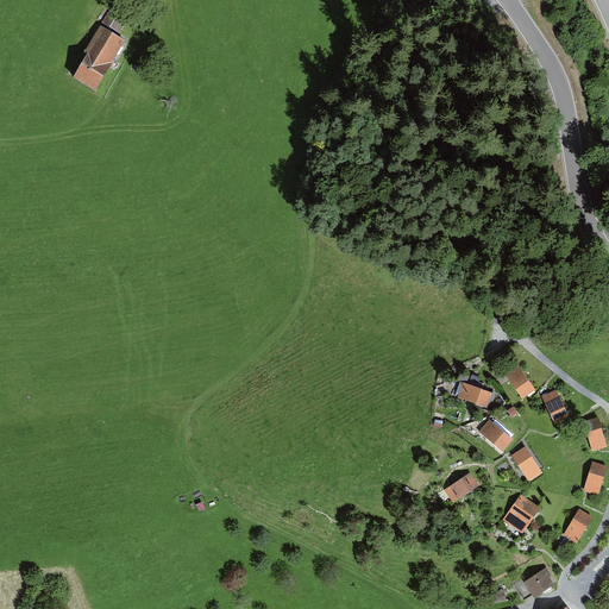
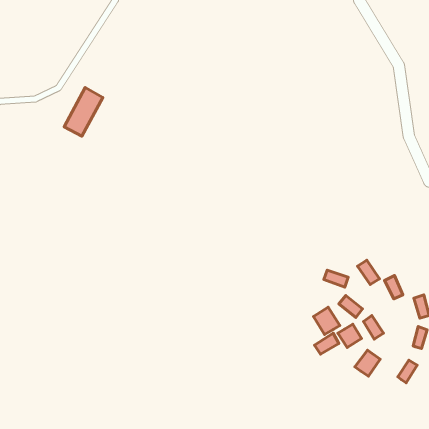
building: [70,24,125,93] -> [64,87,103,136]
building: none -> [314,307,340,335]
building: none -> [338,324,361,348]
building: [514,567,553,601] -> none

